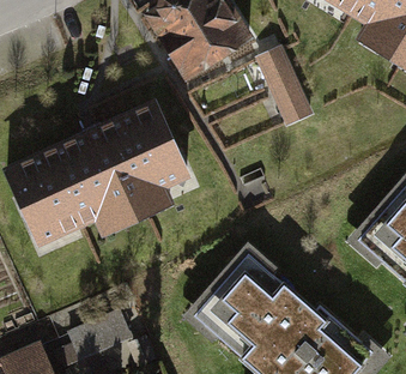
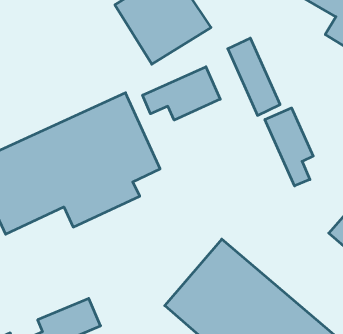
building: none -> [143,67,220,120]
building: none -> [265,108,313,186]

